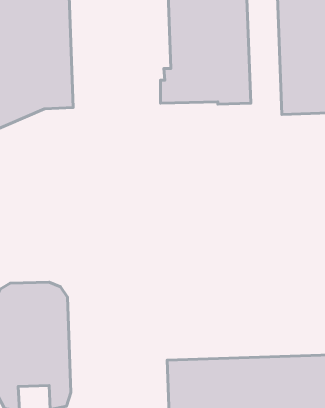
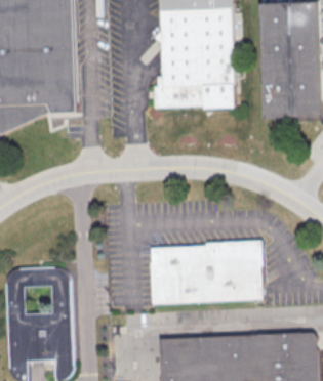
building: none -> [151,241,261,303]

